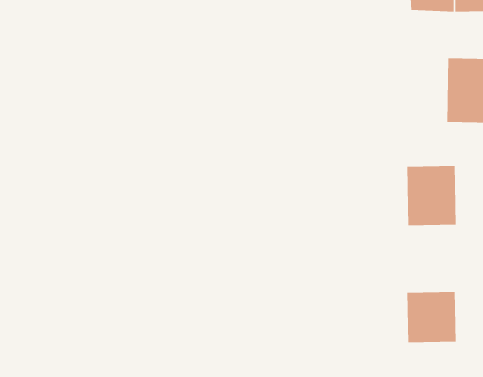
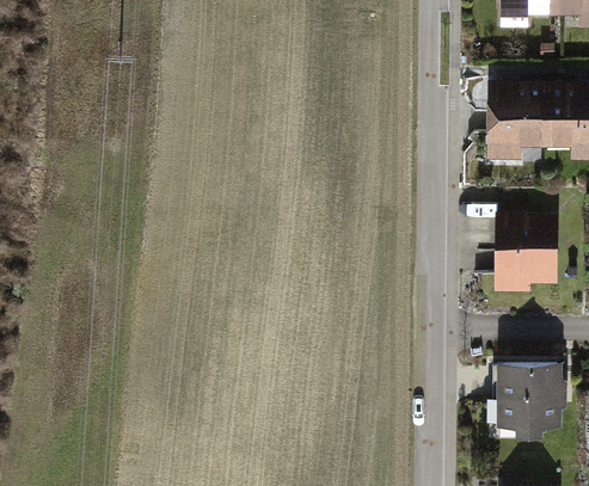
building: none -> [490,82,546,160]

